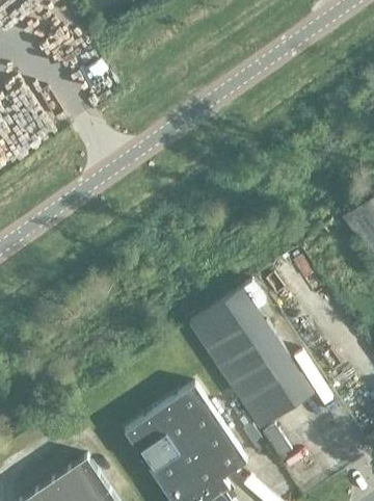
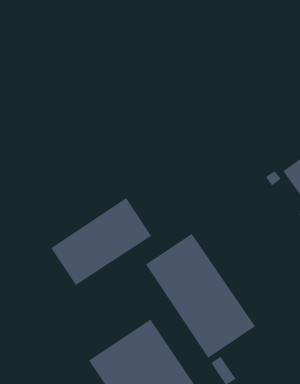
building: none -> [50,197,152,286]

